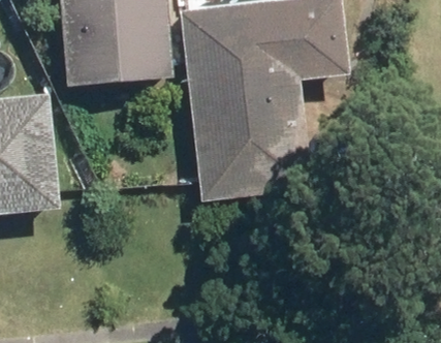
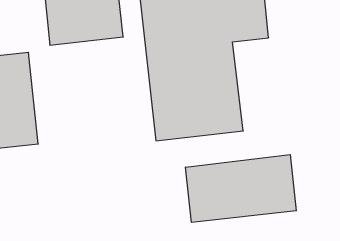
building: none -> [186,155,296,222]

